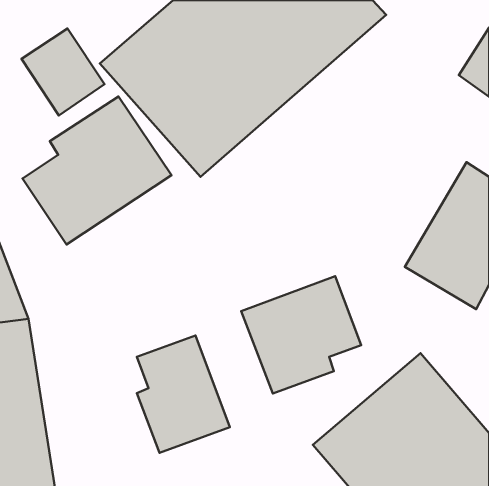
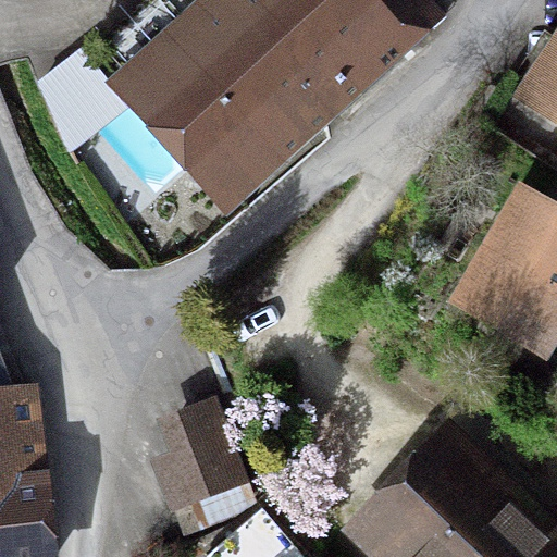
building: [22,96,171,244] -> none
building: [241,276,361,394] -> none

